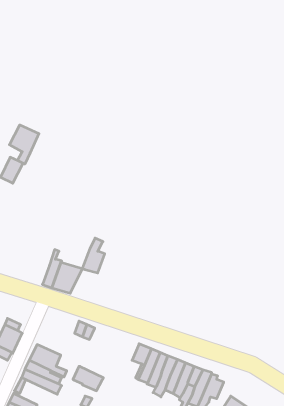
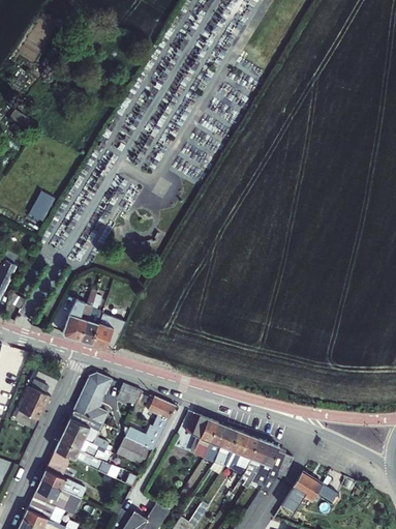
building: [9,125,39,164] -> none
building: [82,238,105,273] -> [60,299,87,341]
building: none -> [72,374,110,424]
building: none -> [123,398,175,451]

